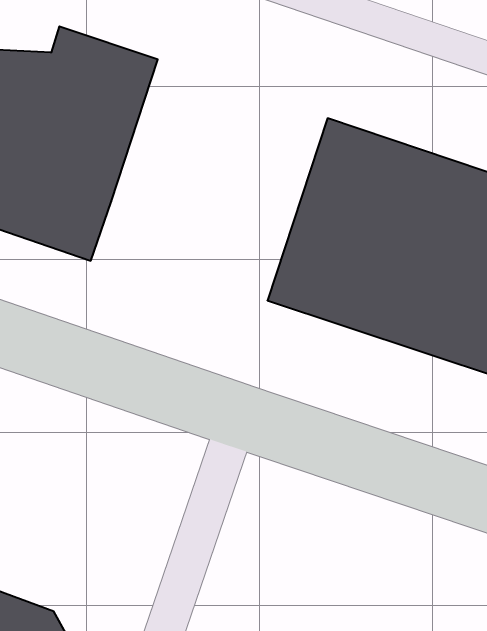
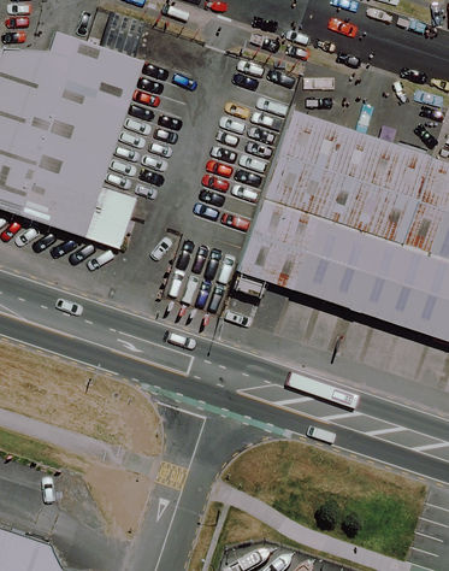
building: none -> [85,186,137,248]

